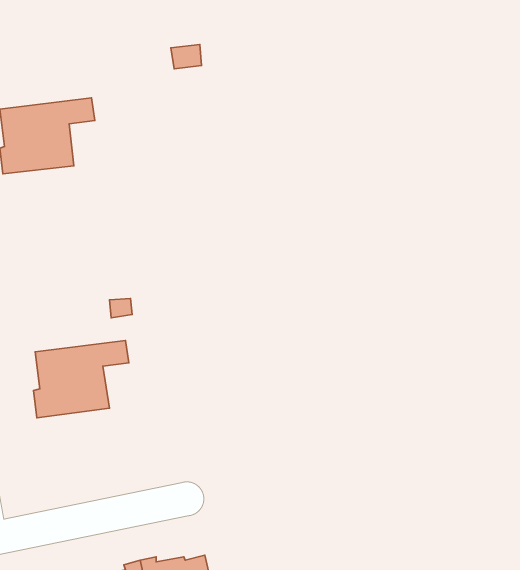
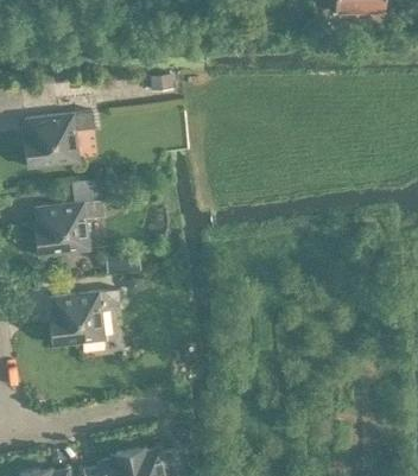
building: none -> [34,198,103,255]

